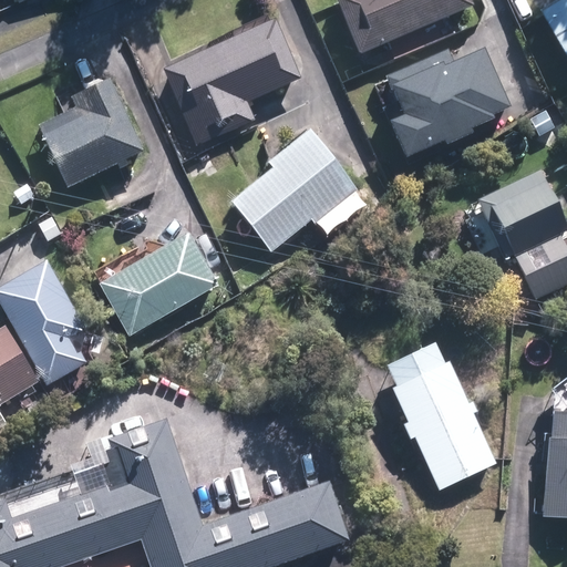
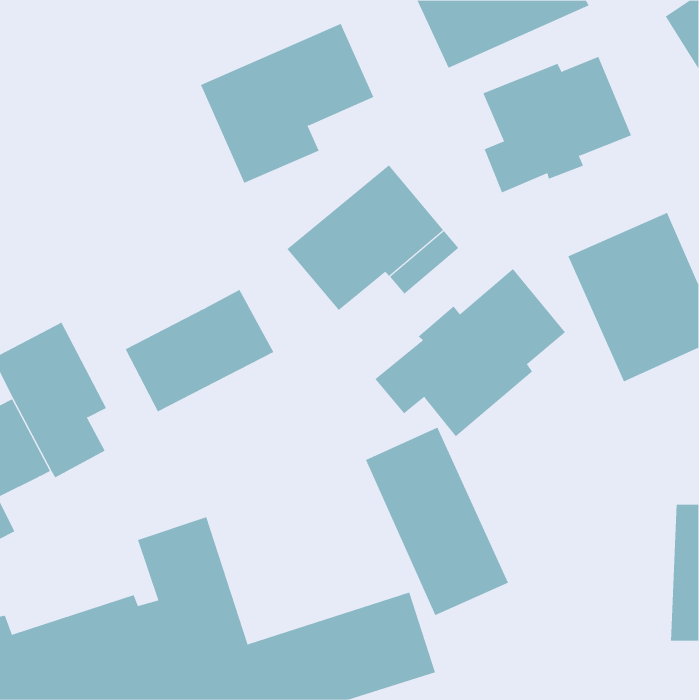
building: [38,75,144,185] -> none
building: none -> [375,268,566,437]
building: [381,338,497,491] -> [365,427,509,616]

